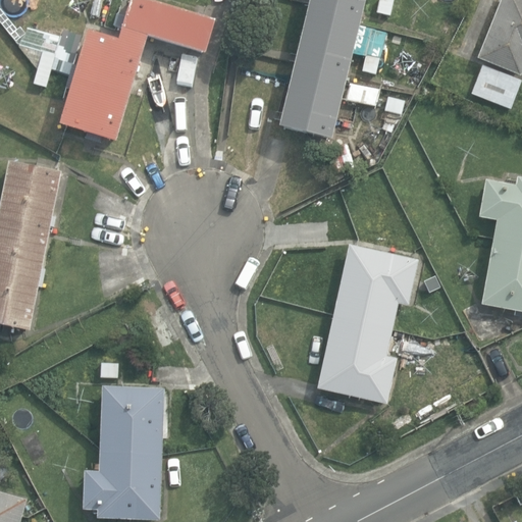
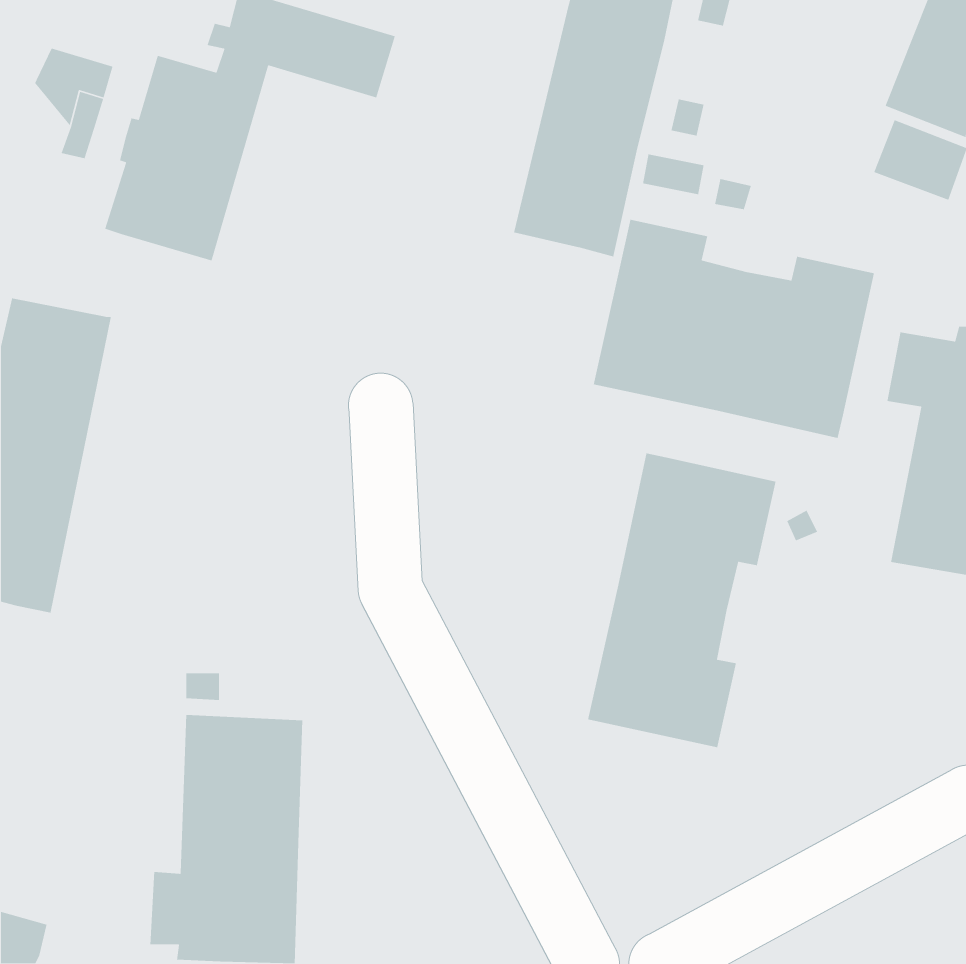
building: none -> [593,219,875,439]

